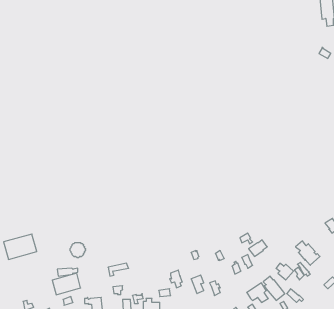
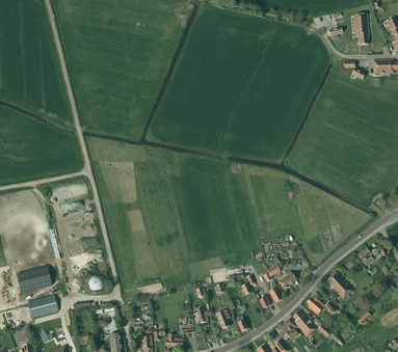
building: [52,273,81,295] -> [27,294,57,317]

